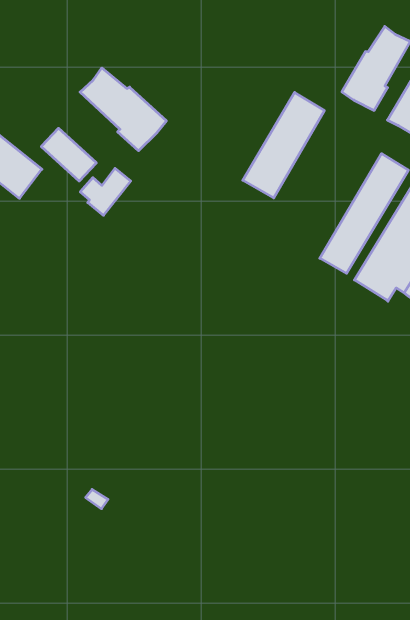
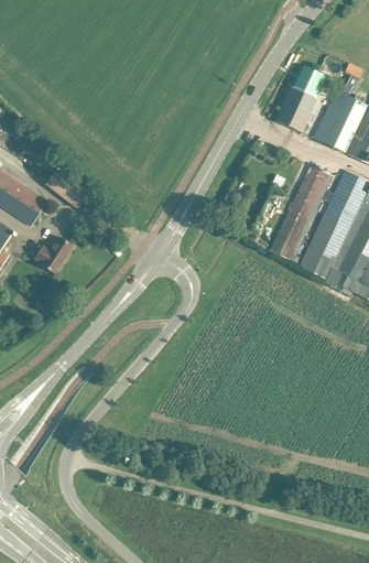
building: [80,68,166,151] -> none
building: [243,92,324,198] -> none
building: [80,168,131,215] -> [34,237,73,274]

